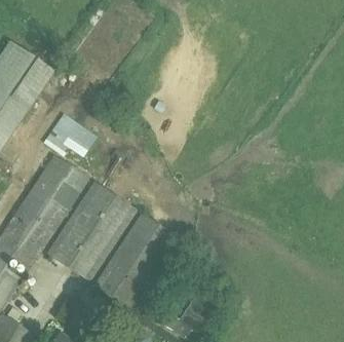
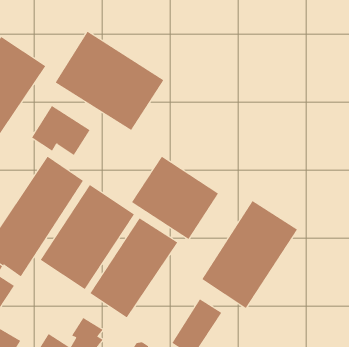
building: none -> [55,31,164,131]
building: none -> [131,156,219,240]
building: none -> [201,200,298,309]

